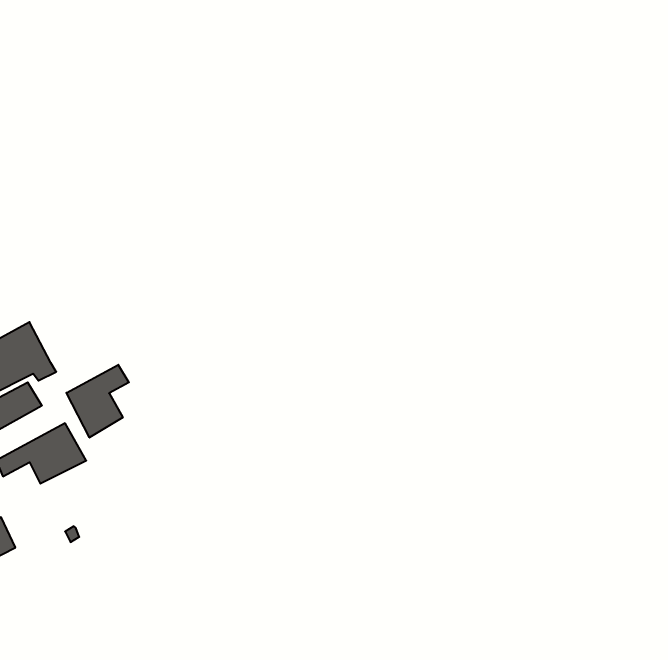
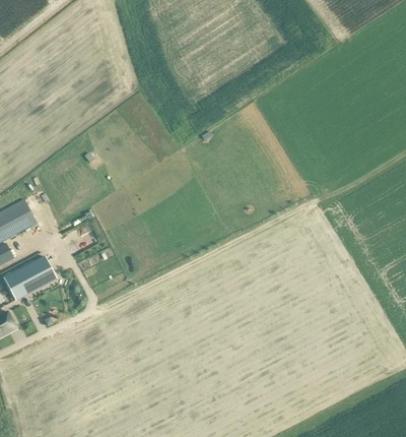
building: [66,365,129,438] -> none

